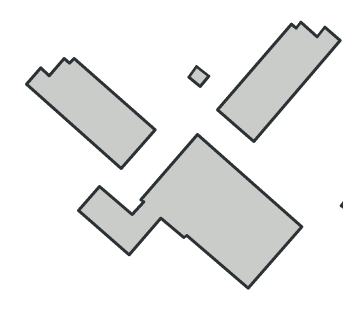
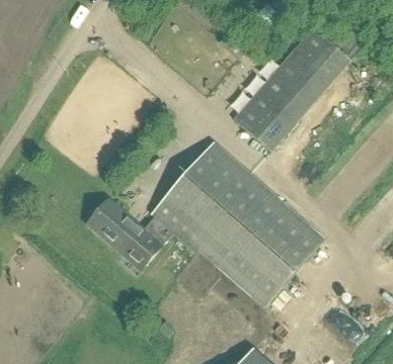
building: [26,58,155,168] -> none

